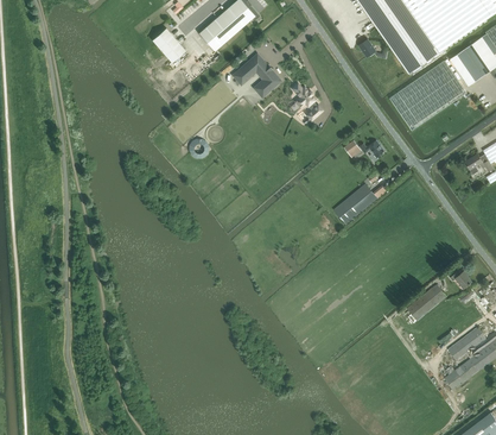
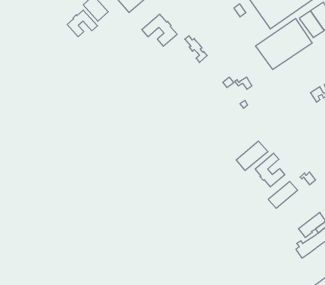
building: none -> [67,10,98,37]
building: [335,182,379,222] -> [236,141,268,170]
building: none -> [255,153,285,187]

